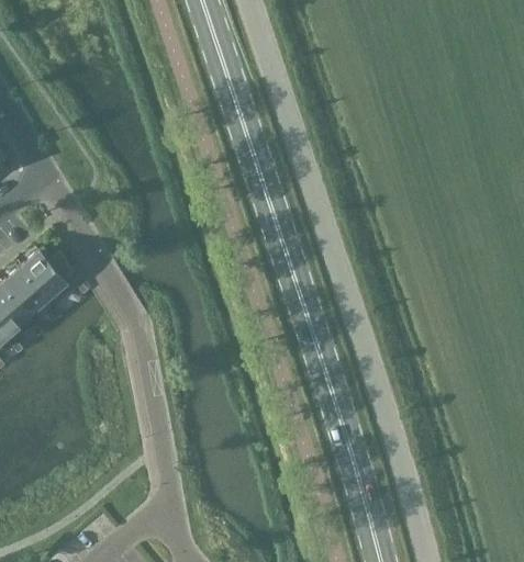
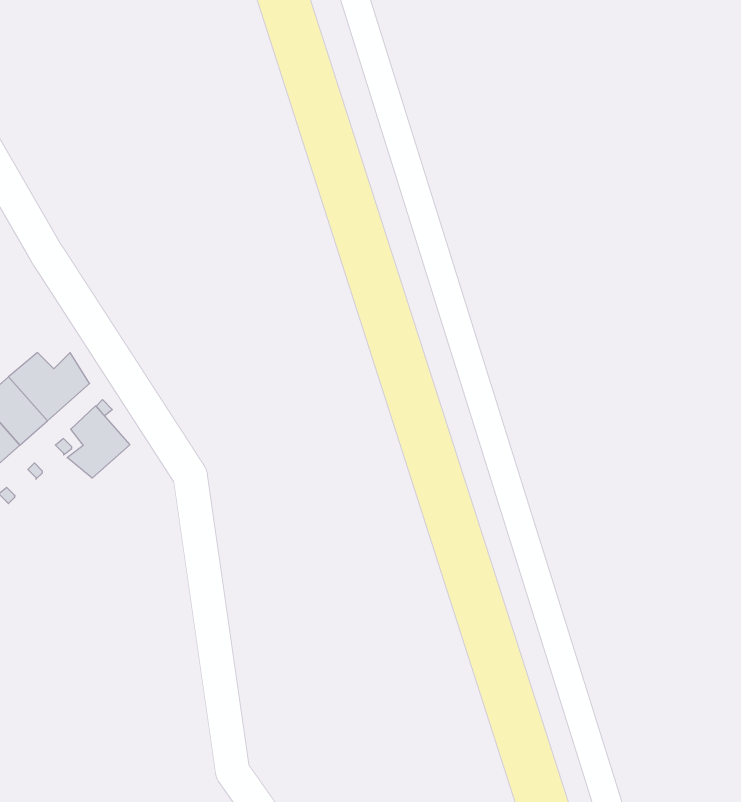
building: none -> [67,406,130,478]

